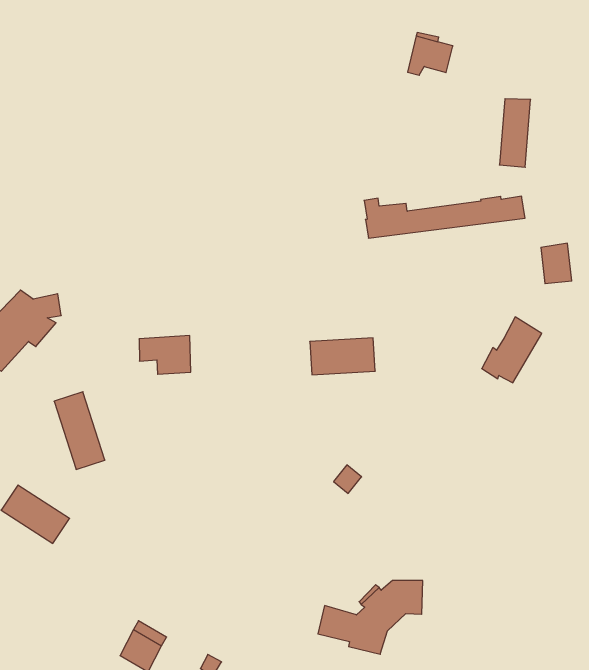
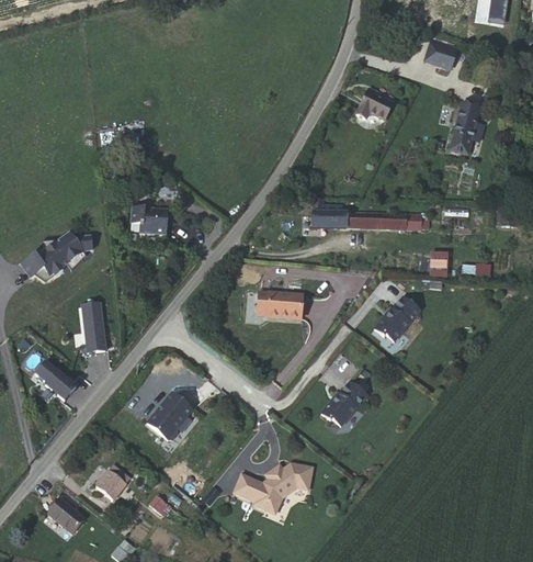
building: [499,99,531,167] -> [451,105,479,155]
building: [139,336,191,374] -> [132,207,169,236]
building: none -> [322,381,367,426]
building: none -> [148,394,193,440]

